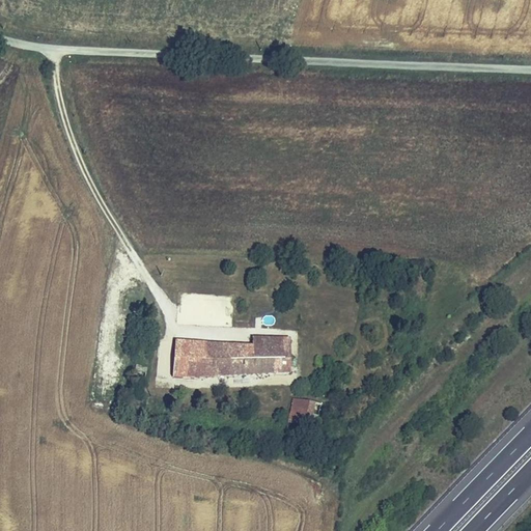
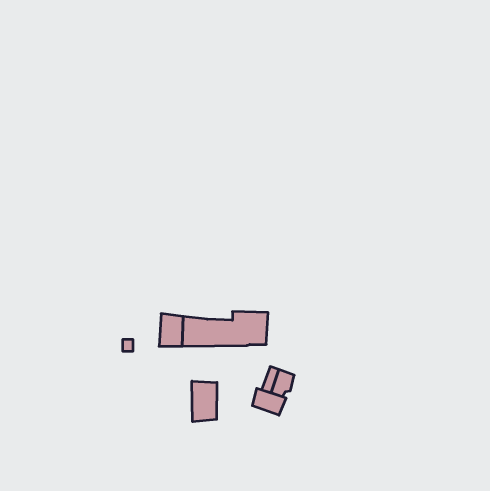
building: none -> [192,381,217,422]
building: none -> [252,388,286,415]

